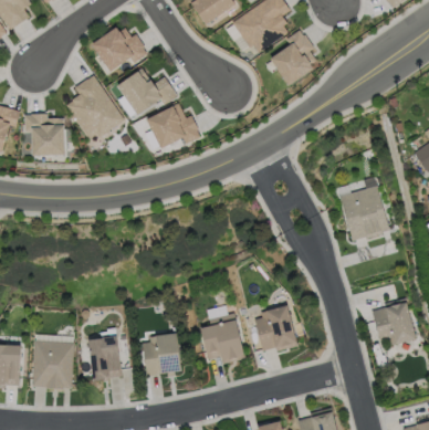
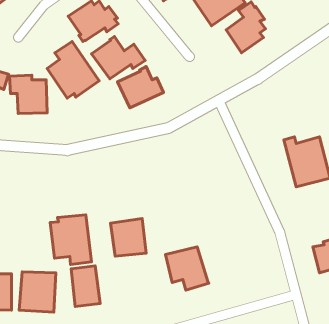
building: none -> [50,215,91,265]
building: [254,300,303,350] -> none
building: [144,331,185,374] -> [110,218,146,256]

